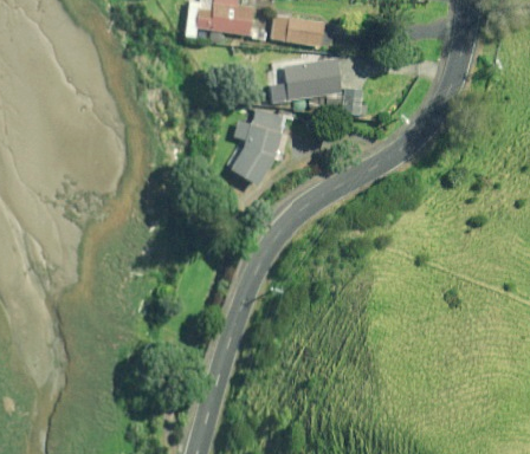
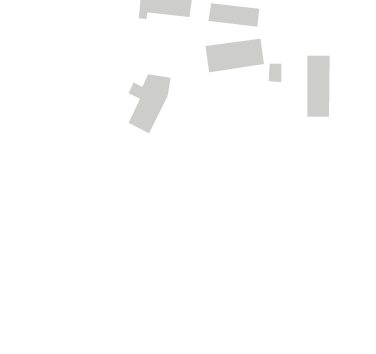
building: none -> [307,55,331,118]
building: [232,109,286,184] -> [127,73,171,135]

